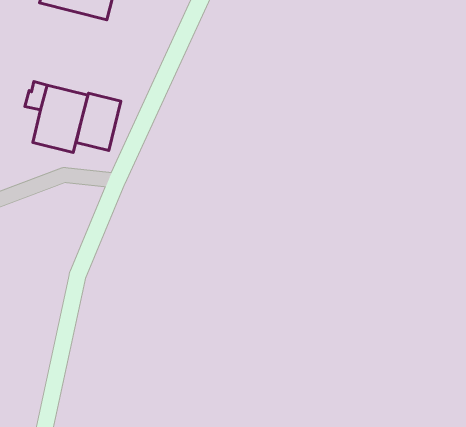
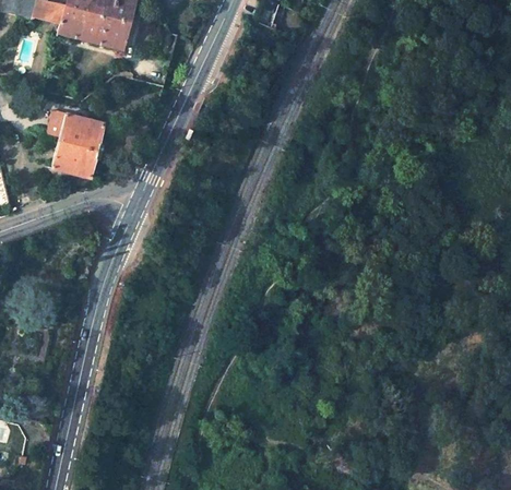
building: [76,93,121,151] -> none

